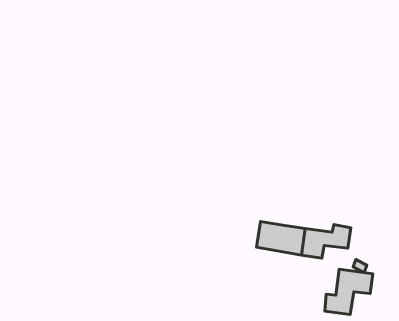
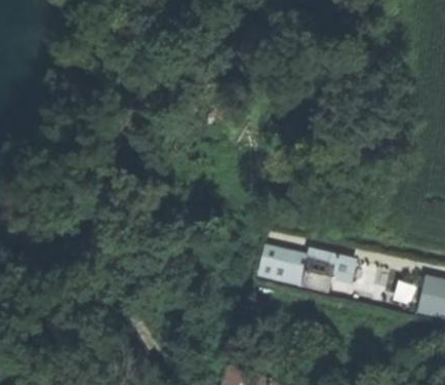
building: [325,269,373,314] -> none

